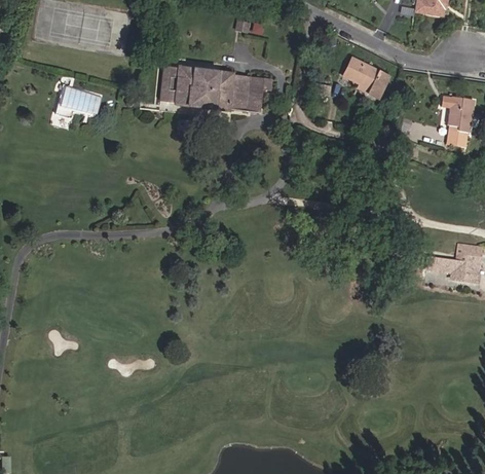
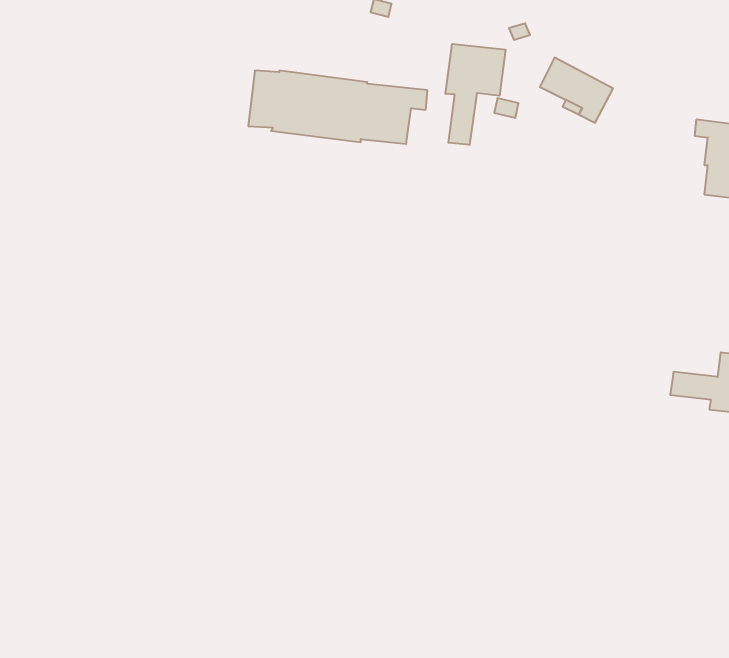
building: none -> [446,44,505,145]
building: [58,84,104,115] -> none

